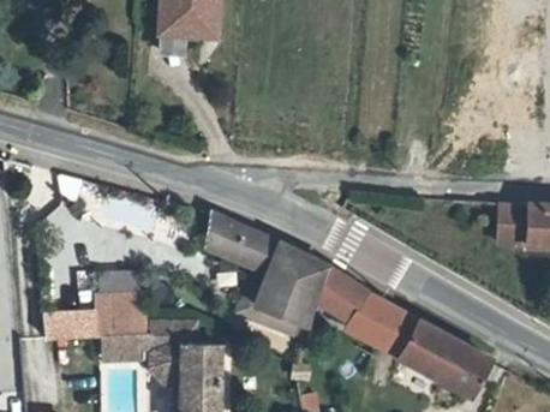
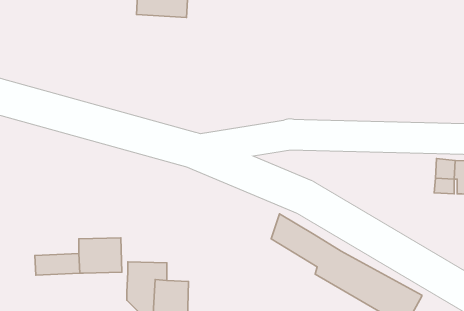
building: [208,215,325,338] -> none
building: [100,334,151,359] -> none

